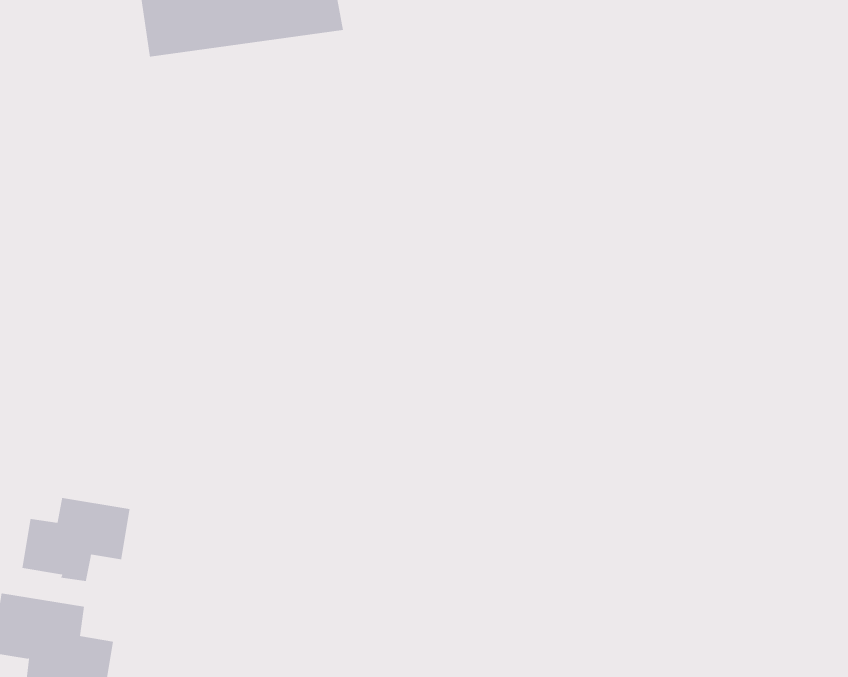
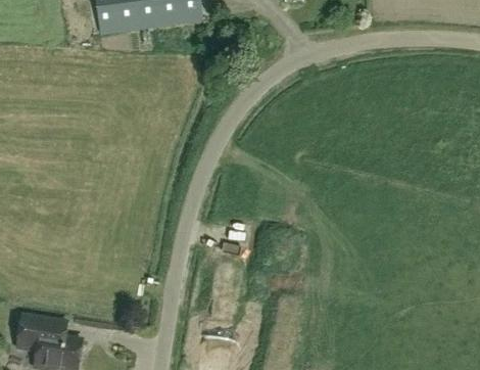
building: [22,497,130,582] -> none

